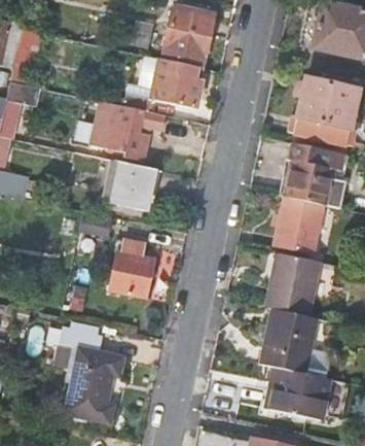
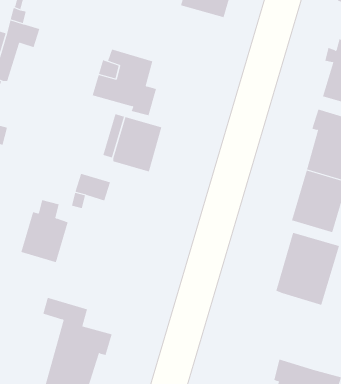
building: [154,58,199,107] -> none
building: [111,240,152,296] -> [20,200,69,263]
building: [260,309,318,375] -> none

